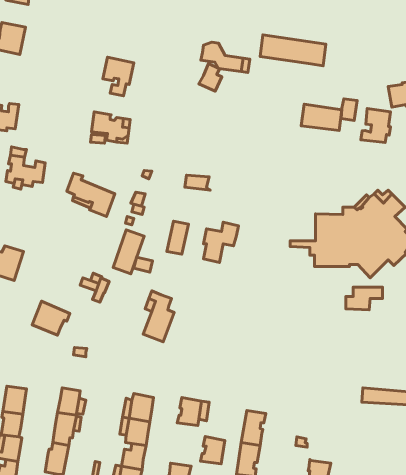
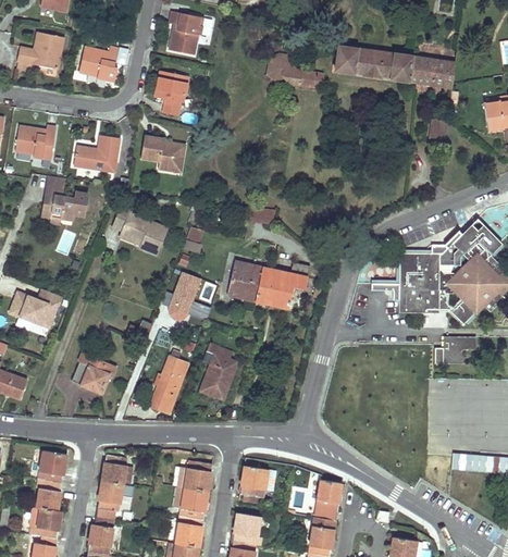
building: none -> [169,12,202,54]
building: none -> [79,46,119,81]
building: [199,64,222,91] -> none
building: [301,104,342,131] -> [408,57,455,87]
building: [361,109,391,142] -> none
building: none -> [74,135,120,172]
building: none -> [245,264,273,305]
building: none -> [150,348,185,413]
building: [200,437,225,464] -> [232,512,260,544]

